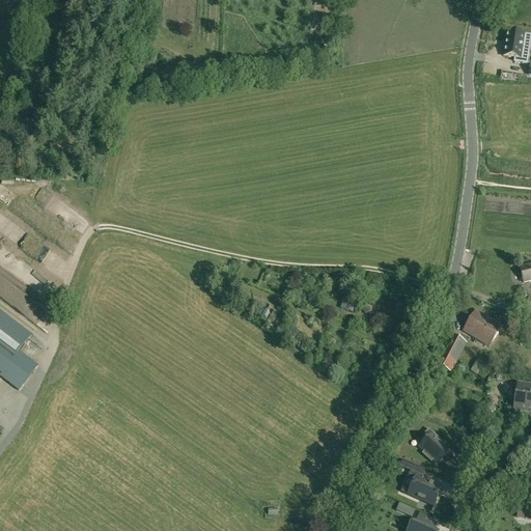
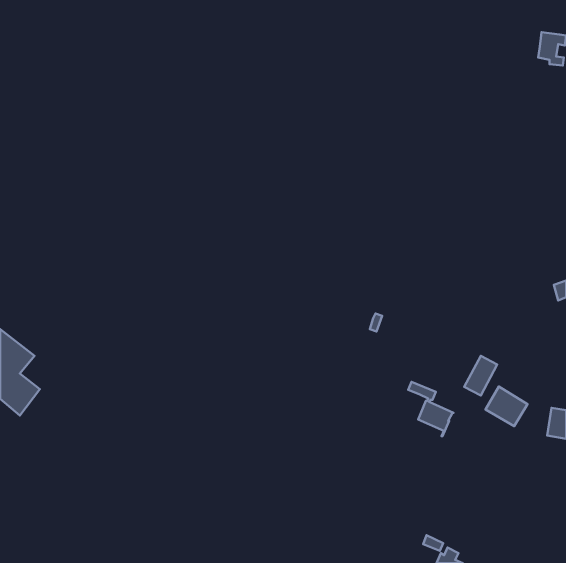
building: [463,308,502,345] -> [485,386,528,426]
building: [420,431,447,462] -> none
building: [400,458,443,509] -> [408,382,454,436]

